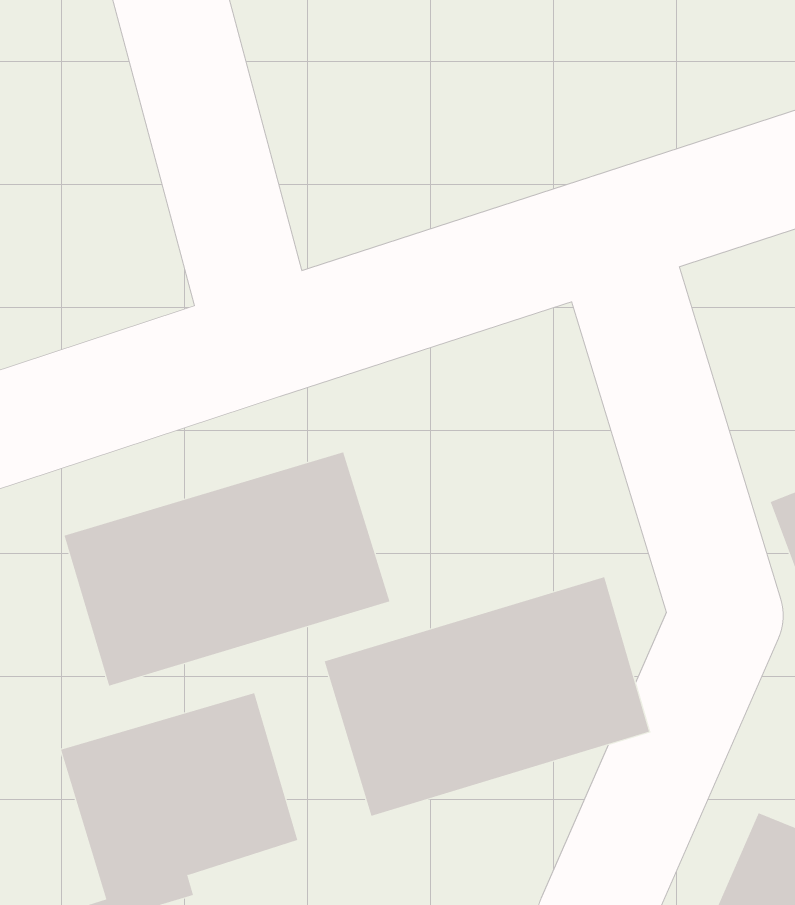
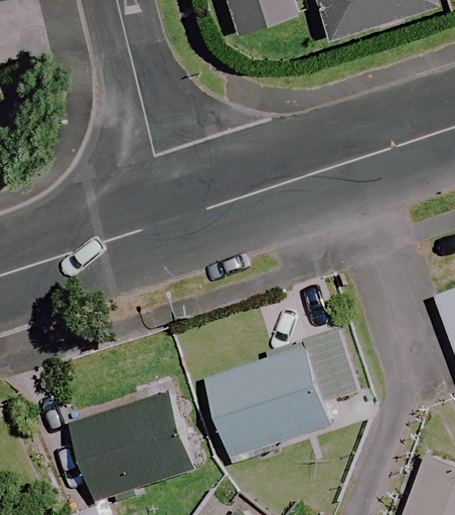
building: [64,452,390,686] -> none

